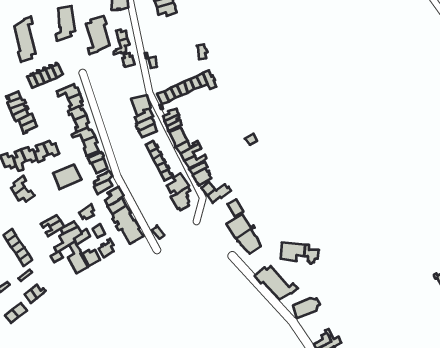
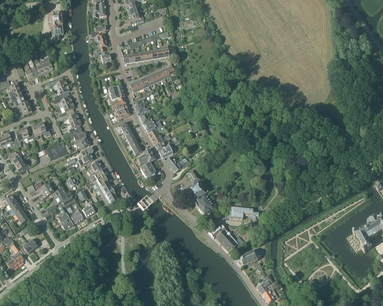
building: [86,16,110,54] -> none
building: [14,16,36,62] -> none

